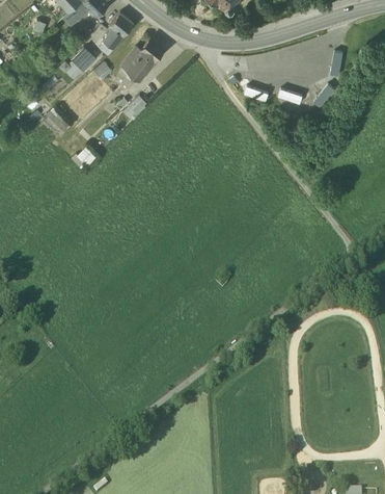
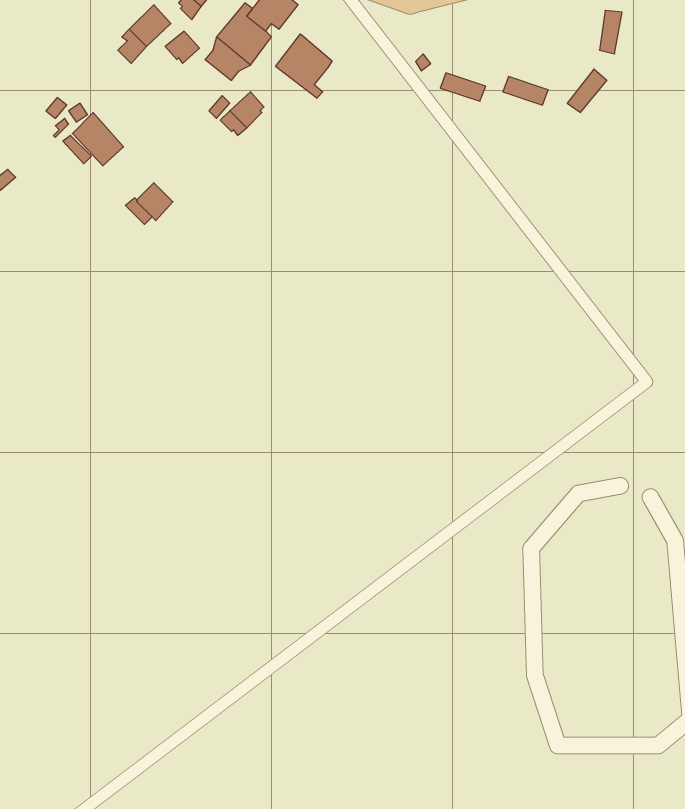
building: none -> [276,34,332,98]

